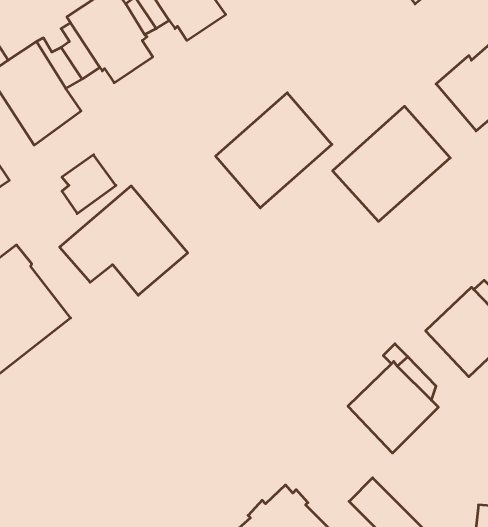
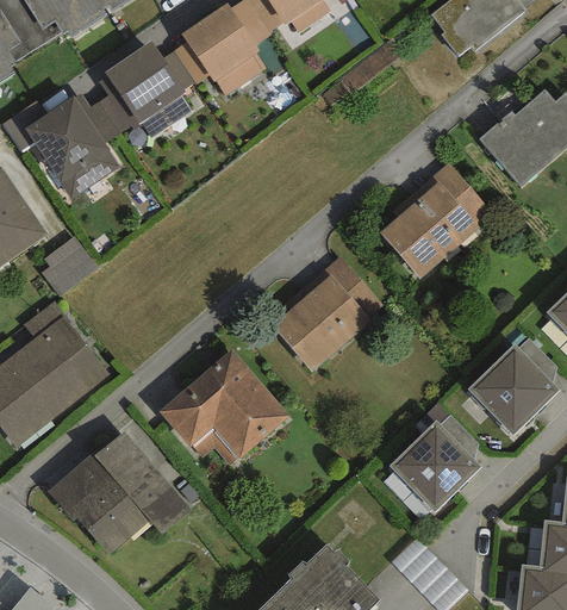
building: [216,93,332,208] -> [267,256,385,373]
building: [62,155,116,214] -> [43,236,98,295]
building: [60,186,188,295] -> [158,348,288,459]
building: none -> [46,430,192,555]

